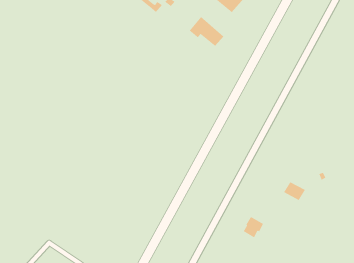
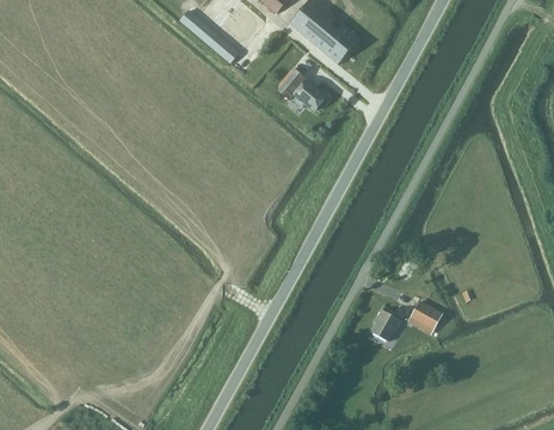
building: [243,216,264,238] -> [373,311,402,342]

